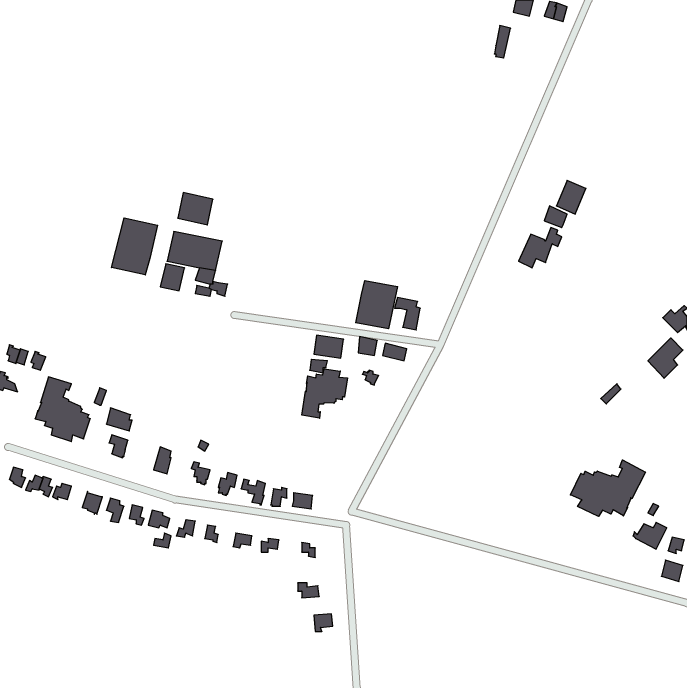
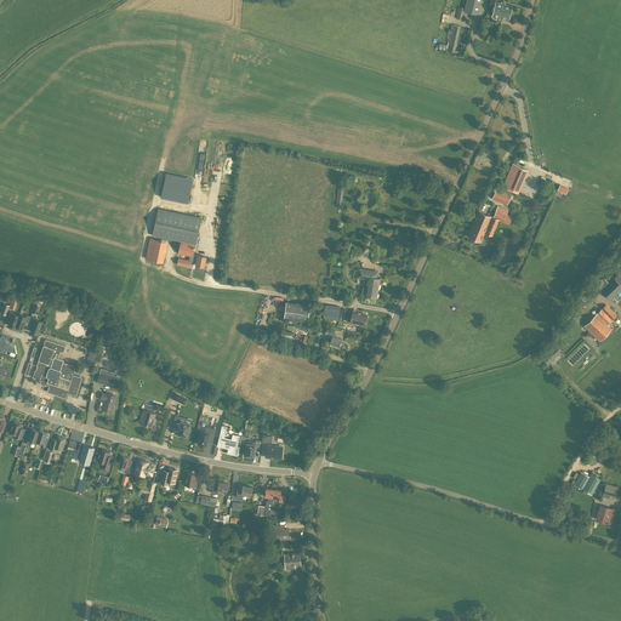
building: [112,218,158,275] -> none
building: [356,281,398,329] -> none
building: [302,369,347,418] -> none
building: [570,460,645,516] -> none

